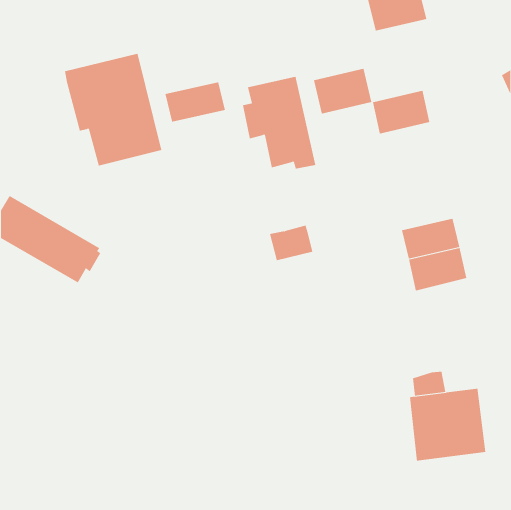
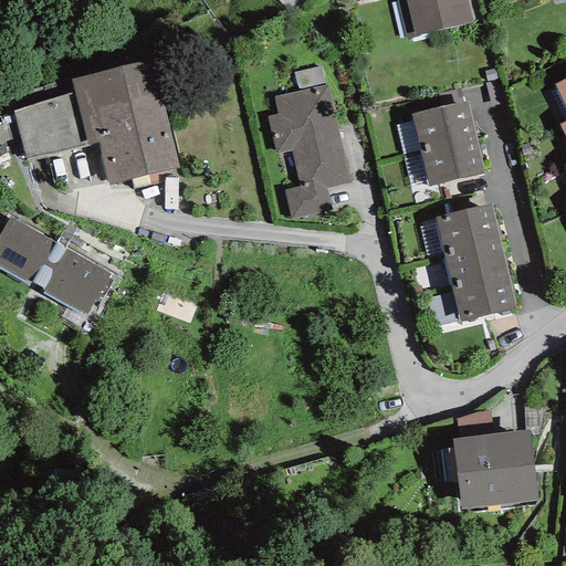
building: [313,68,372,114] -> [419,135,484,186]
building: [165,81,226,123] -> none
building: none -> [12,91,87,158]
building: none -> [434,202,501,254]
building: [269,225,313,261] -> [283,179,332,219]

